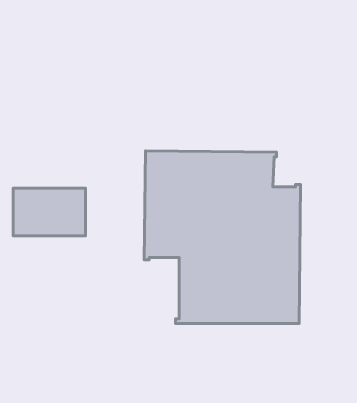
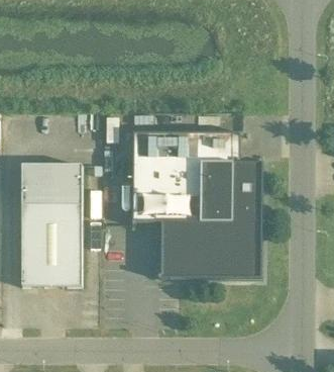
building: none -> [20,204,81,287]

